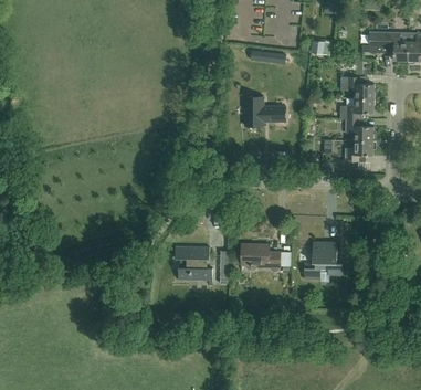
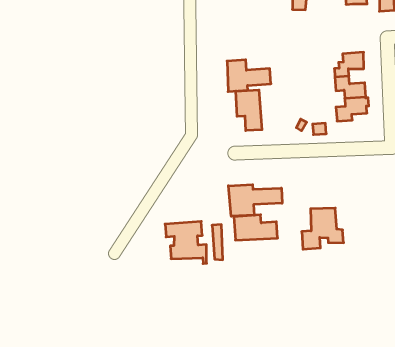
building: [346,77,375,98] -> none
building: none -> [236,90,262,131]
building: none -> [228,185,282,216]

